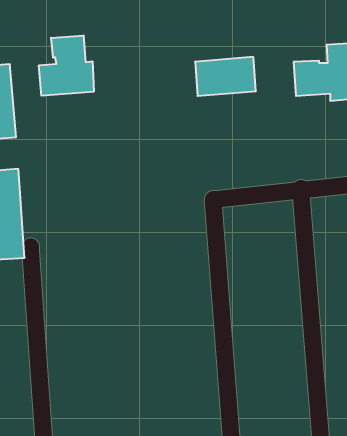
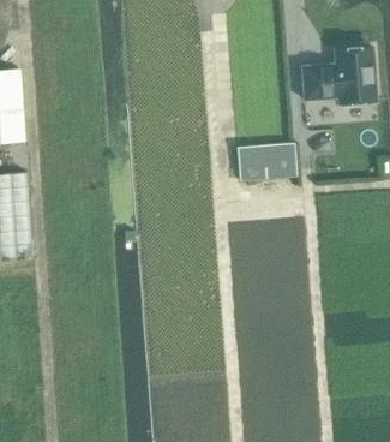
building: [39,35,94,96] -> none
building: [195,57,256,96] -> [238,142,298,180]

